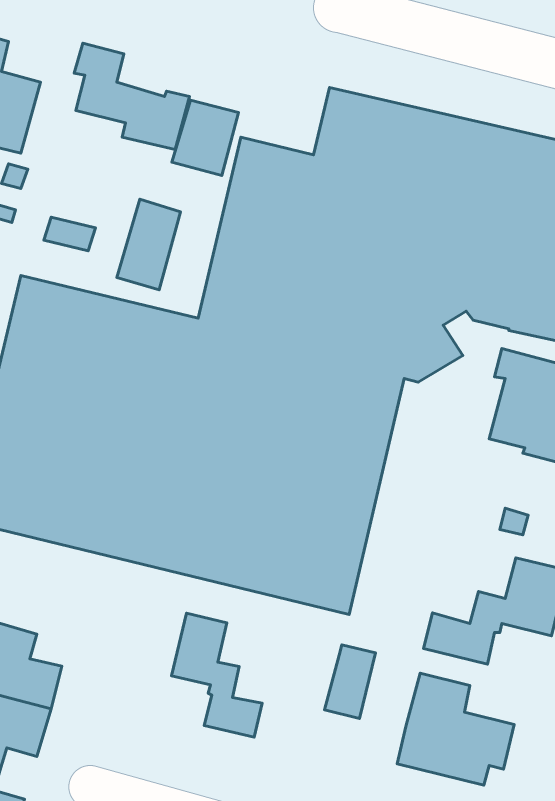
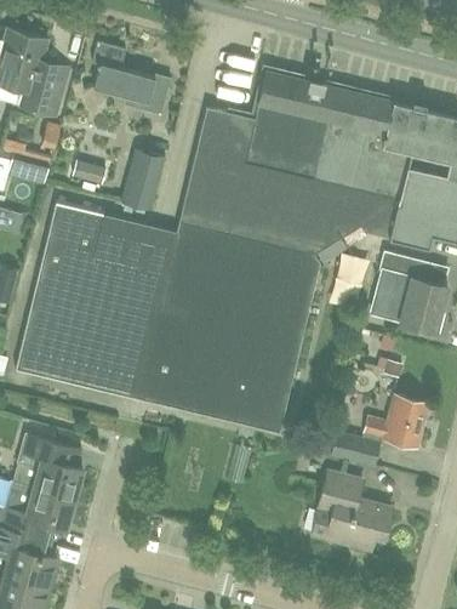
building: [172,100,239,176] -> none
building: [172,613,262,737] -> none
building: [324,645,376,718] -> none

